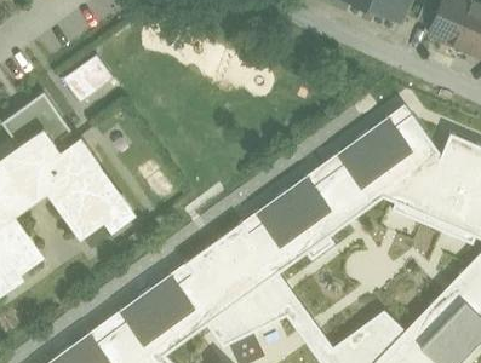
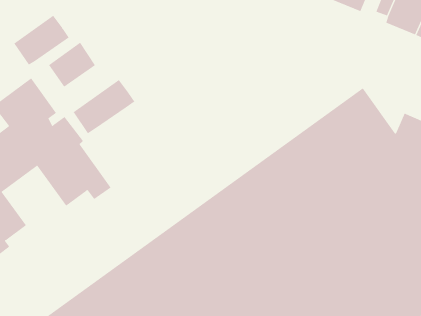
building: none -> [13,15,70,66]
building: none -> [73,79,135,134]

